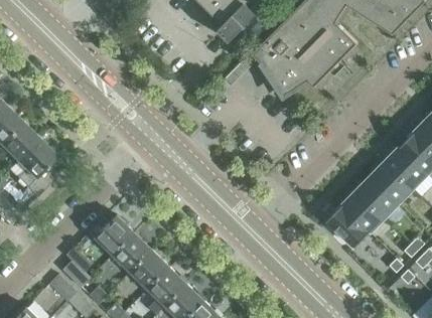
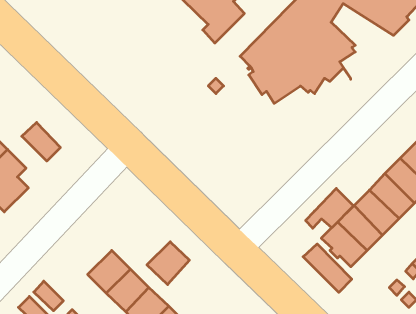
building: none -> [22,122,60,161]
building: none -> [306,188,354,228]
building: [95,214,134,254] -> none
building: none -> [147,242,189,285]
building: none -> [303,244,352,292]

